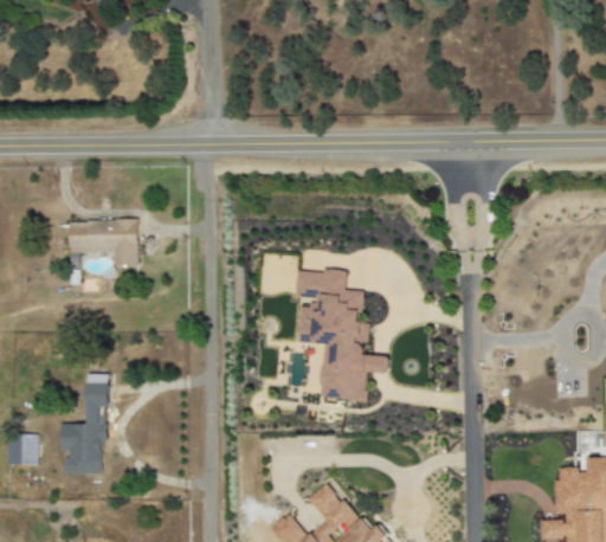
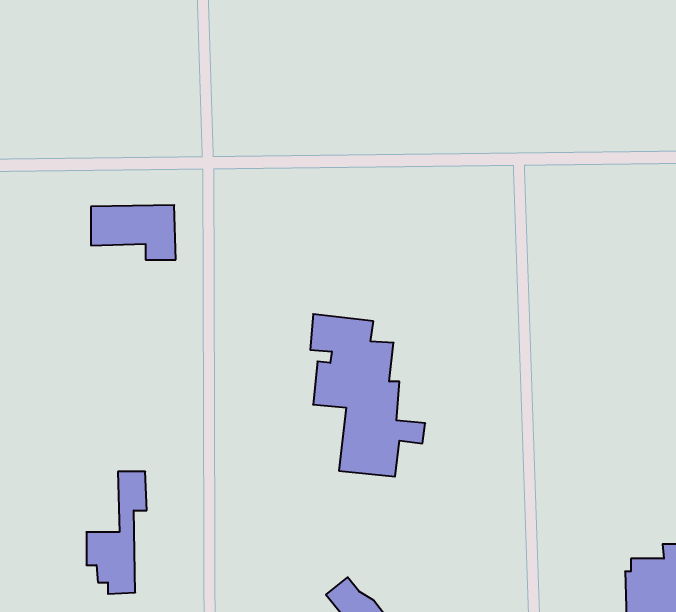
building: [69,220,138,265] -> [91,205,176,260]
building: [60,374,110,475] -> [86,472,147,594]

